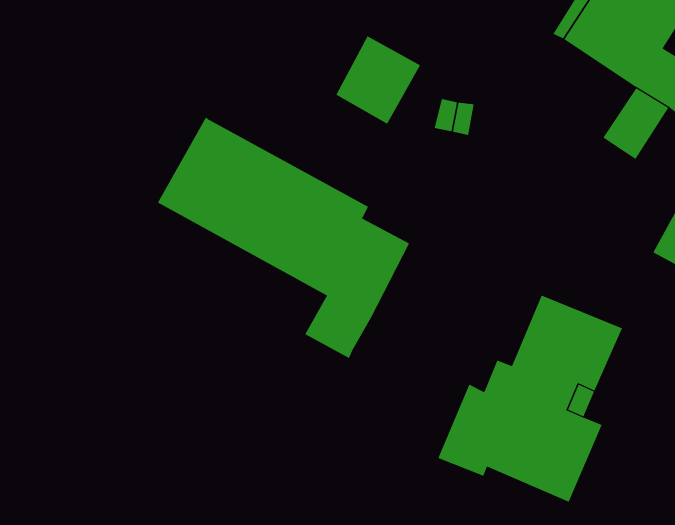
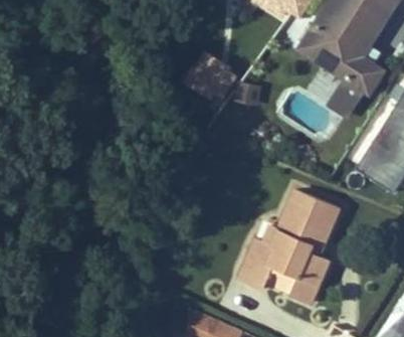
building: [157,117,410,359] -> none

